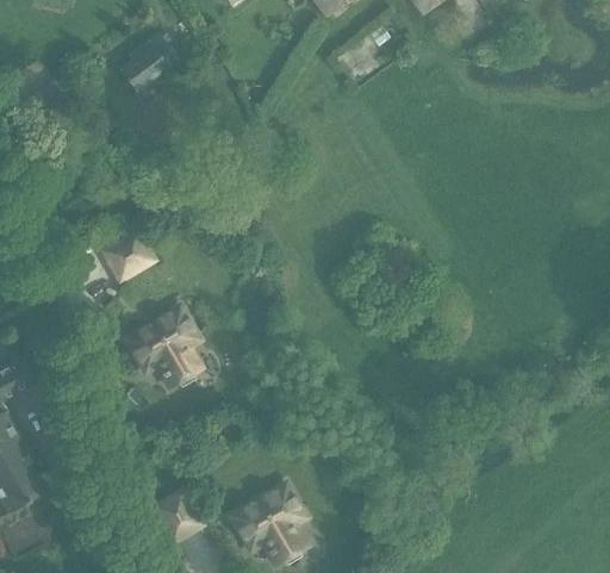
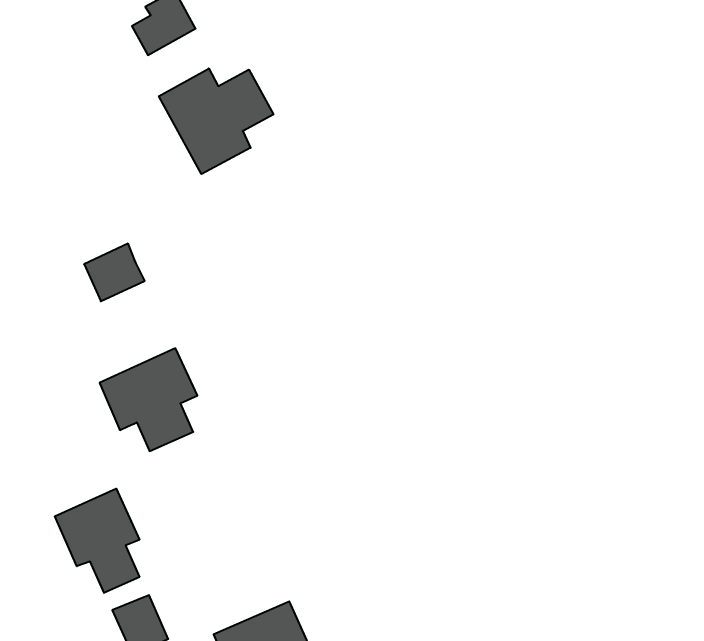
building: none -> [159,68,273,174]
building: none -> [55,489,139,593]

